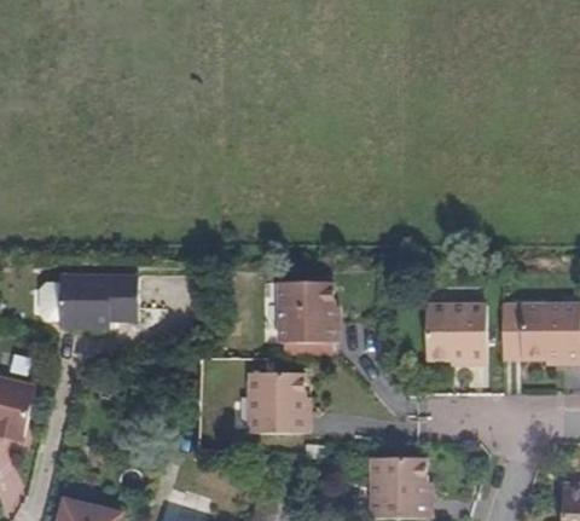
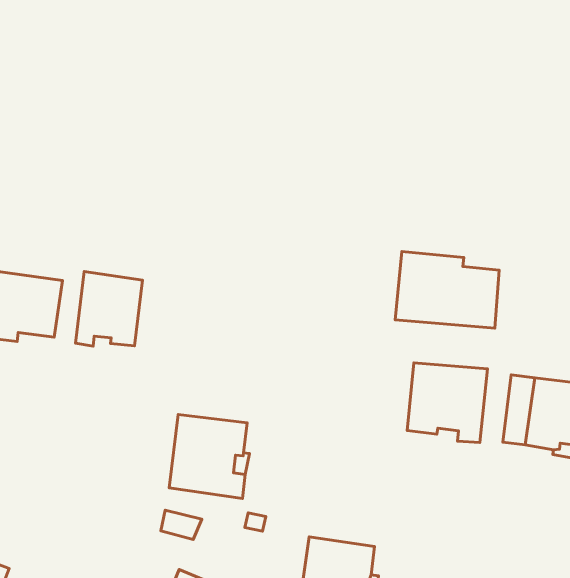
building: none -> [395,251,499,328]
building: none -> [75,272,143,346]
building: [272,282,332,342] -> none

